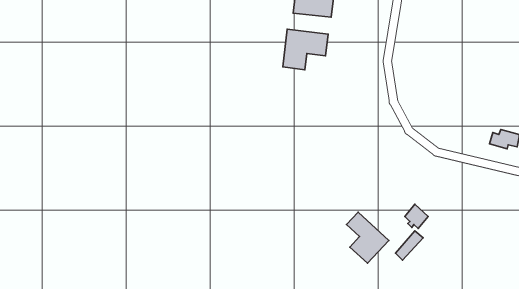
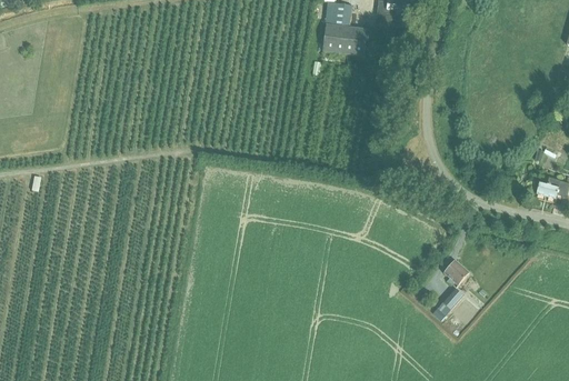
building: [283,29,328,70] -> none
building: [346,212,389,263] -> none

